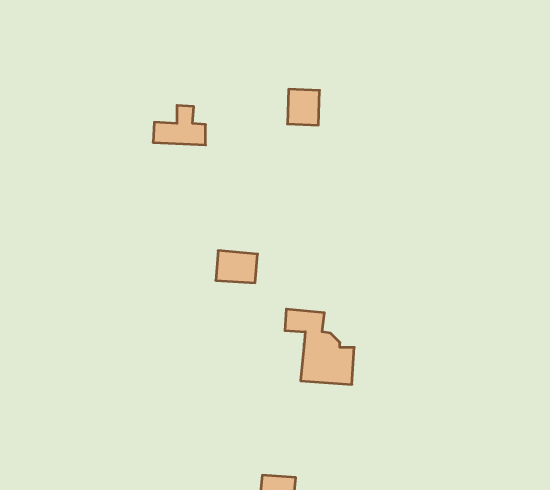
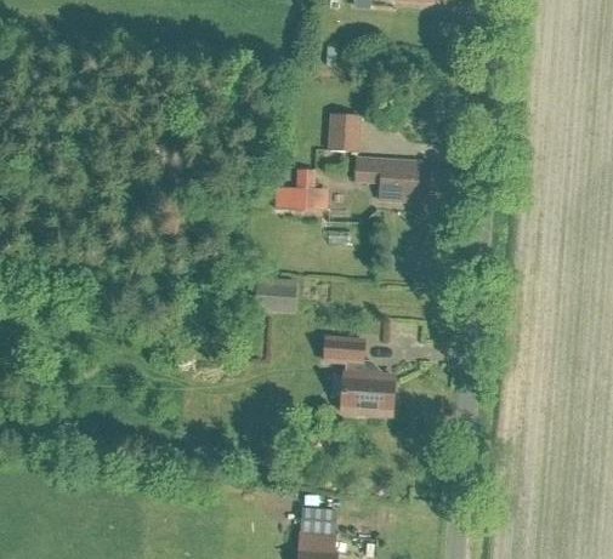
building: [153,105,206,145] -> [274,170,328,210]
building: none -> [352,158,430,203]

